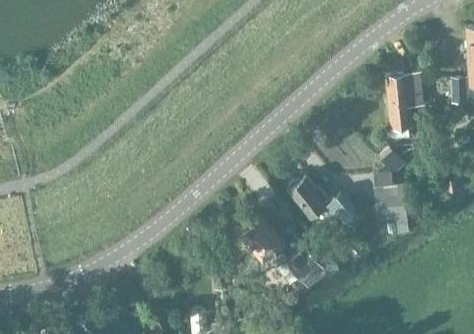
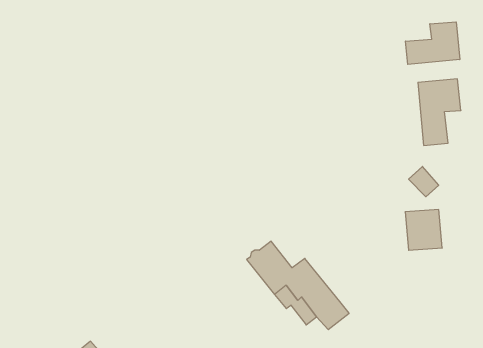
building: none -> [406,22,460,64]
building: [287,178,355,224] -> none

